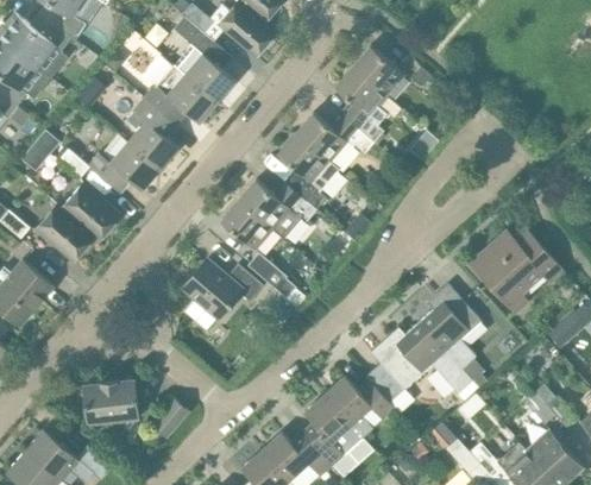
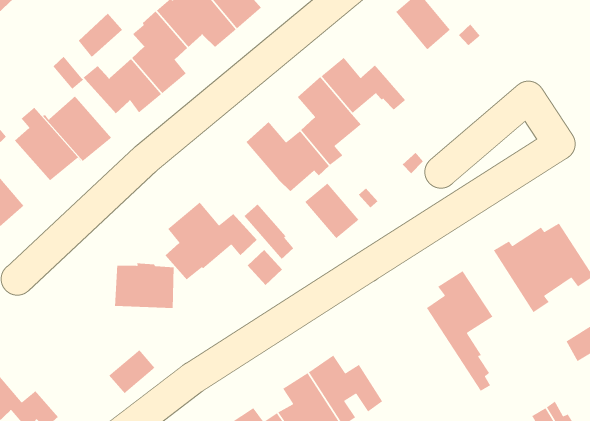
building: [335,67,386,143] -> none
building: [23,133,61,175] -> [78,13,123,58]
building: [221,201,272,250] -> [304,182,360,239]
building: [366,322,479,410] -> none
building: [83,380,139,423] -> [114,262,174,309]

